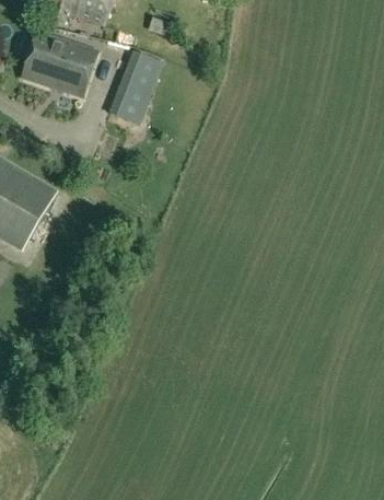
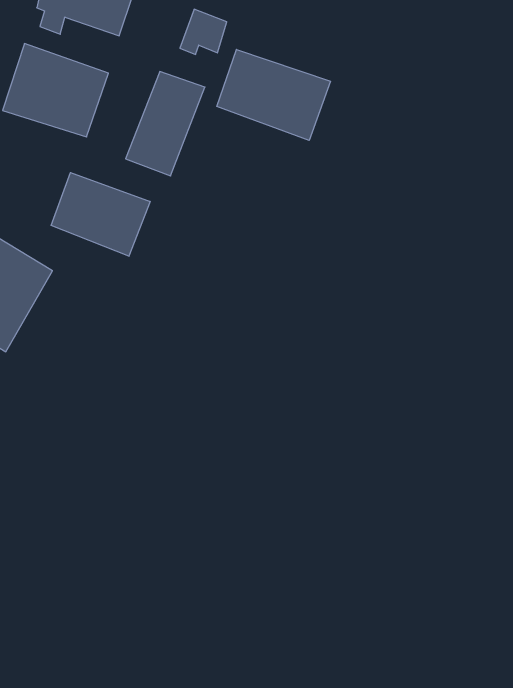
building: none -> [217,49,330,140]
building: none -> [51,173,150,256]

